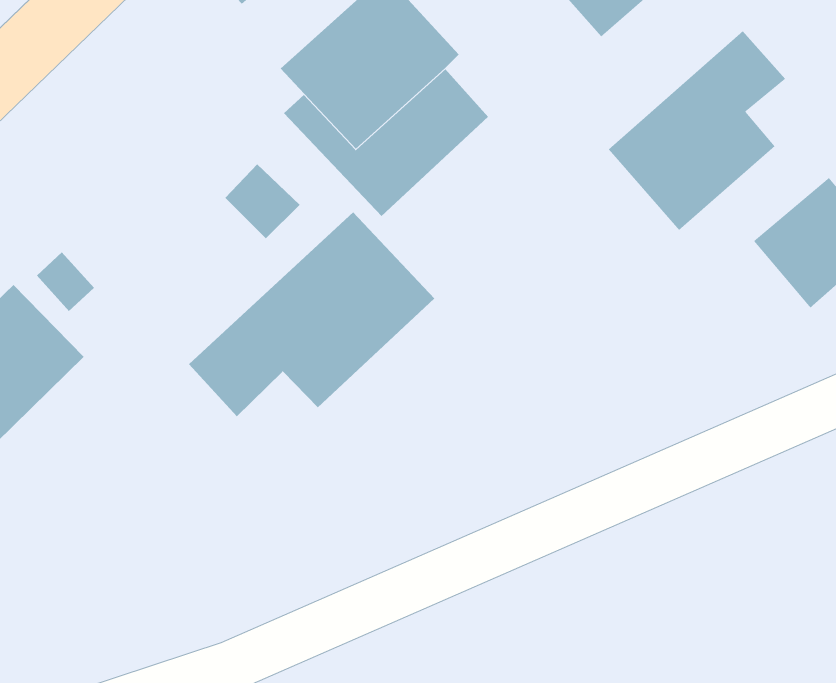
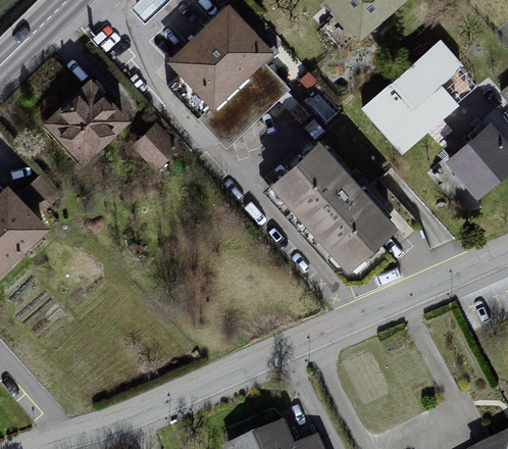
building: none -> [46,81,134,167]
building: none -> [268,141,398,271]
building: [188,211,435,417] -> none

